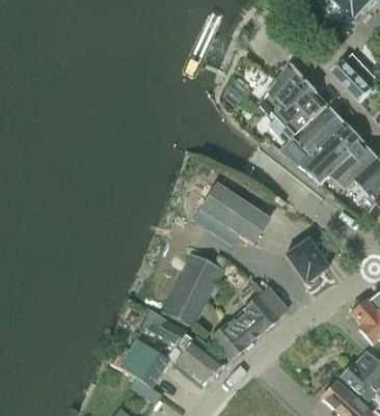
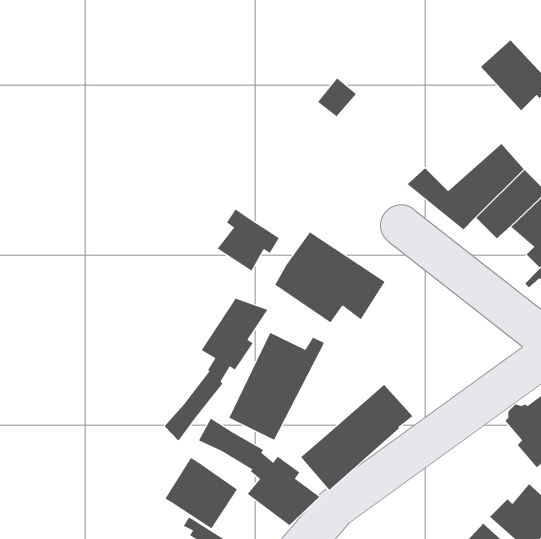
building: [261,63,328,142] -> none
building: [296,106,348,156] -> none
building: none -> [217,209,279,271]
building: none -> [164,298,268,442]
building: [284,239,329,285] -> none

